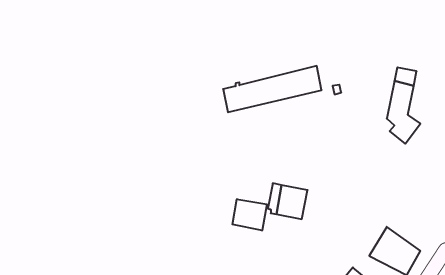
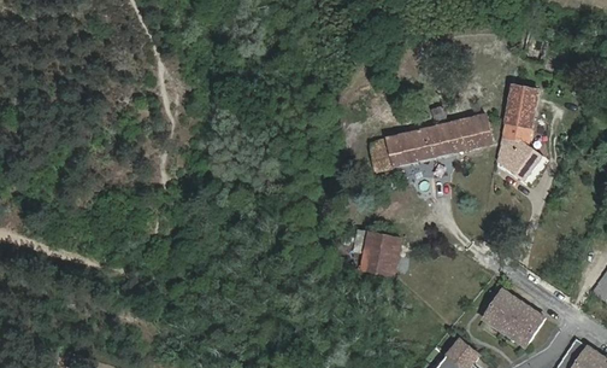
building: [223,66,322,112] -> [370,113,493,171]
building: [232,199,267,231] -> none

